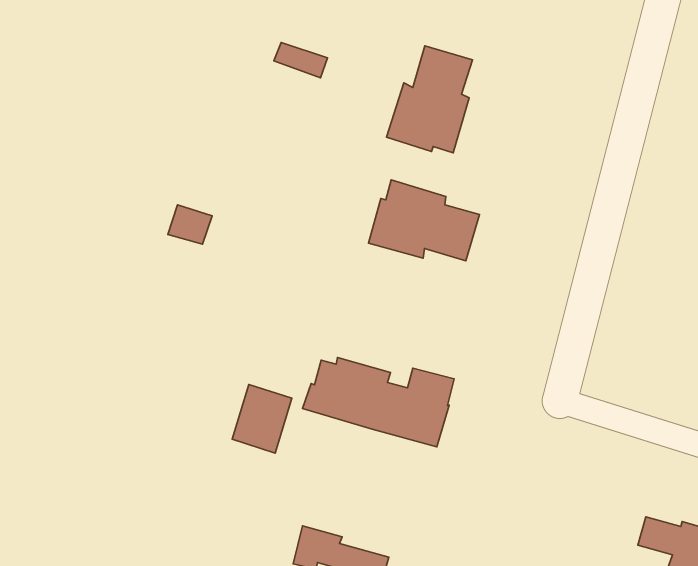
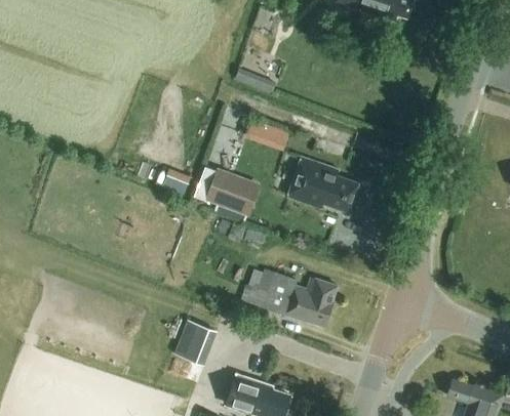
building: [386,46,472,153] -> none
building: none -> [202,164,261,214]
building: [232,384,292,453] -> [175,321,214,365]

